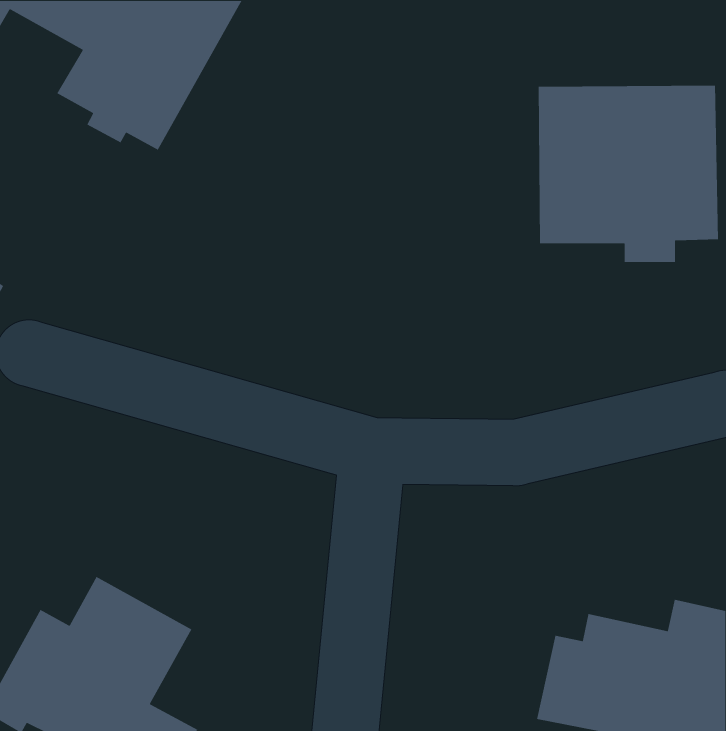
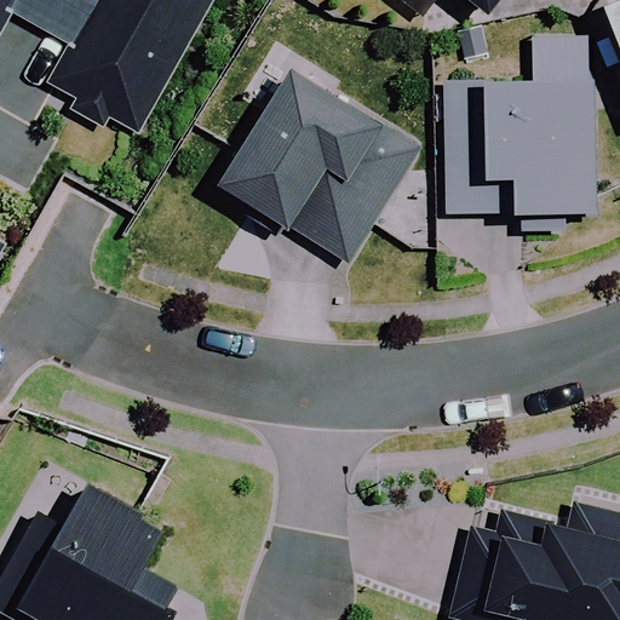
building: none -> [229,63,423,259]

